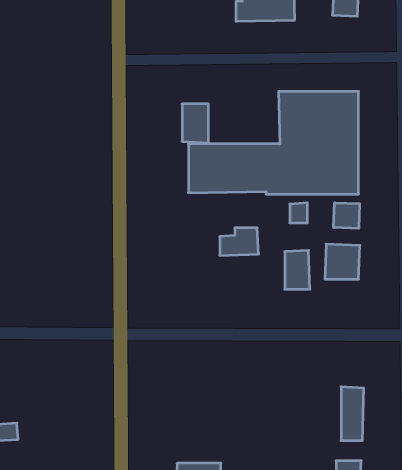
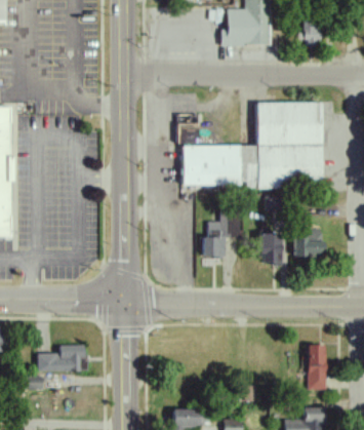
building: [334,203,360,228] -> none
building: none -> [204,238,226,259]
building: none -> [37,346,86,373]

